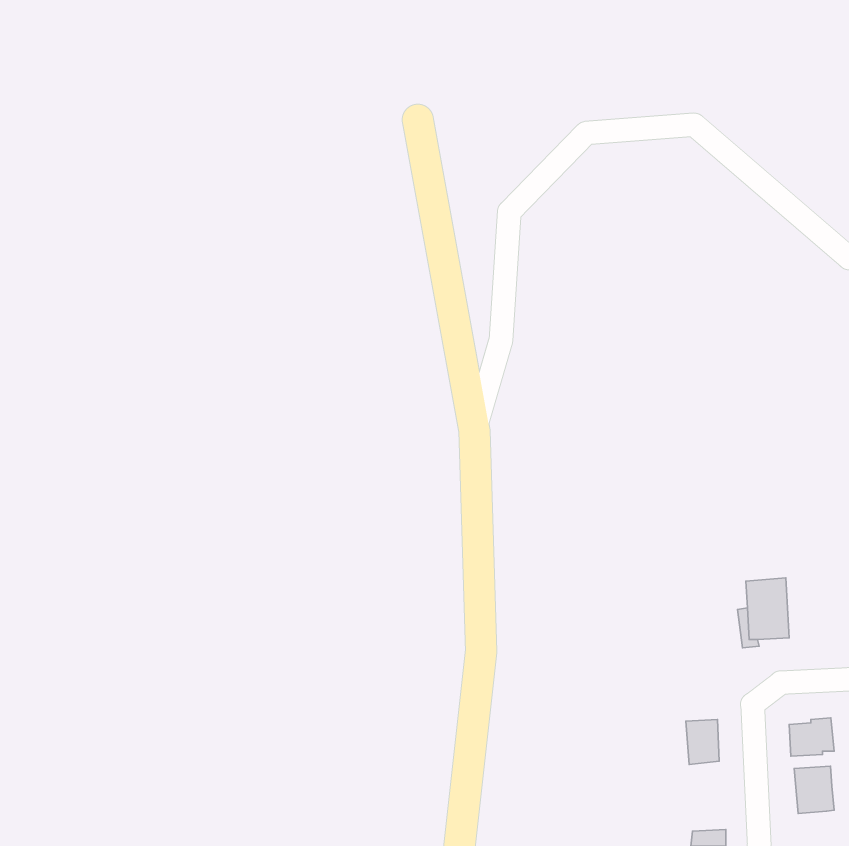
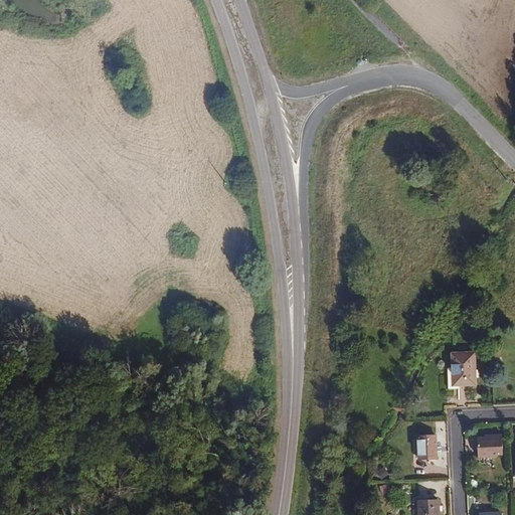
building: [794,766,834,814] -> none

